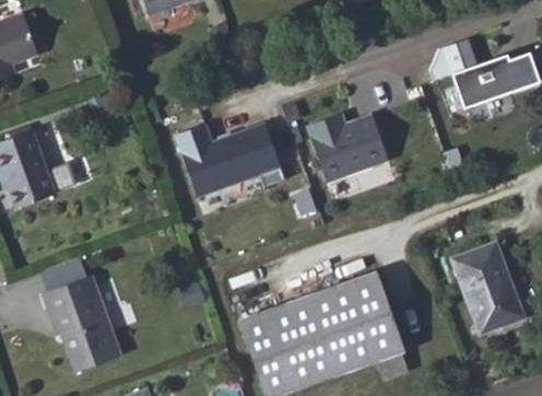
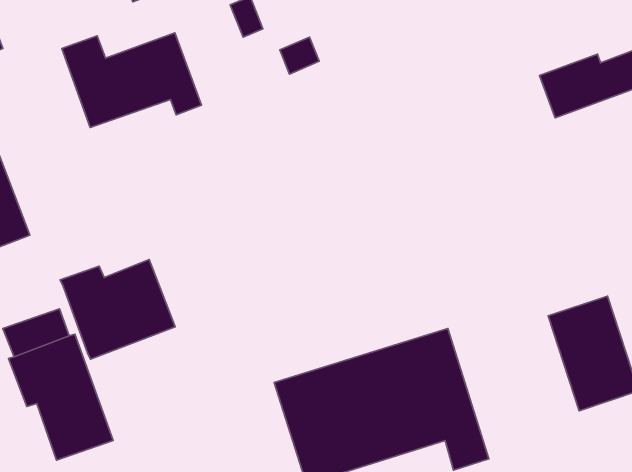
building: [305,110,387,180] -> none
building: [176,124,284,197] -> [62,33,202,128]
building: none -> [60,259,175,359]

